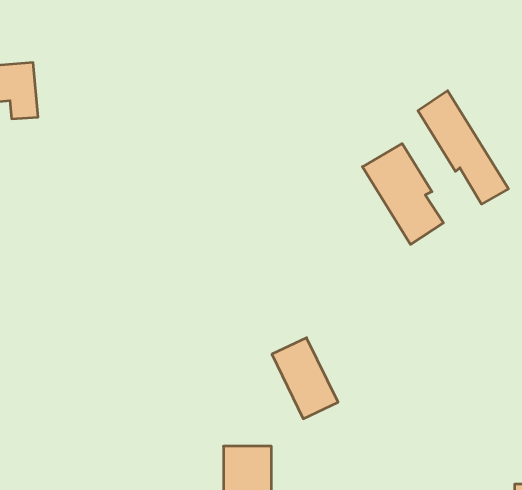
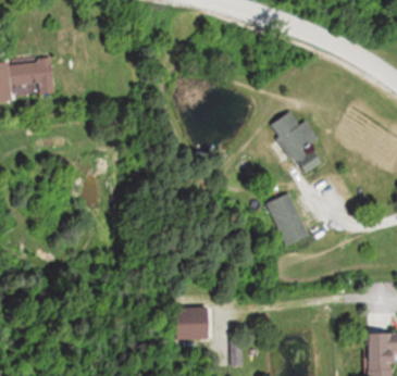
building: [418,91,508,204] -> none
building: [272,338,338,419] -> [263,193,307,247]

